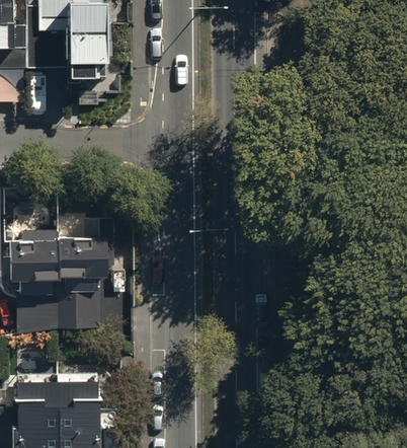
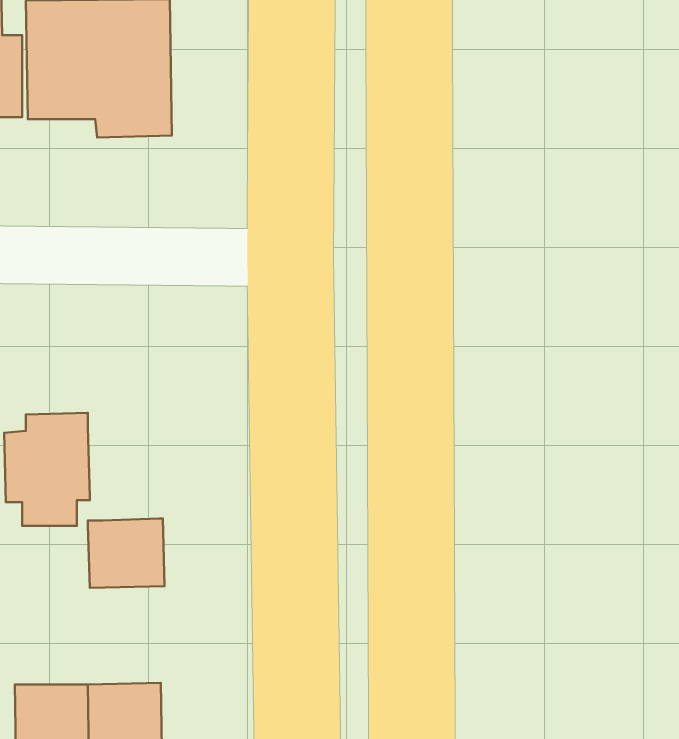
building: [58,218,113,290] -> none
building: [17,293,59,332] -> none

